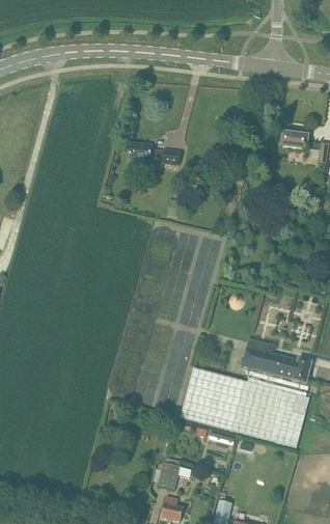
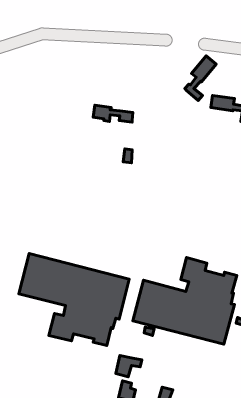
building: none -> [185,56,216,101]
building: none -> [19,253,129,346]

